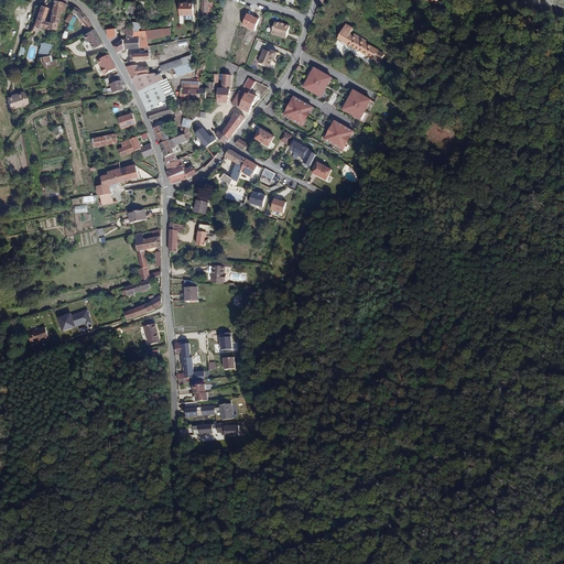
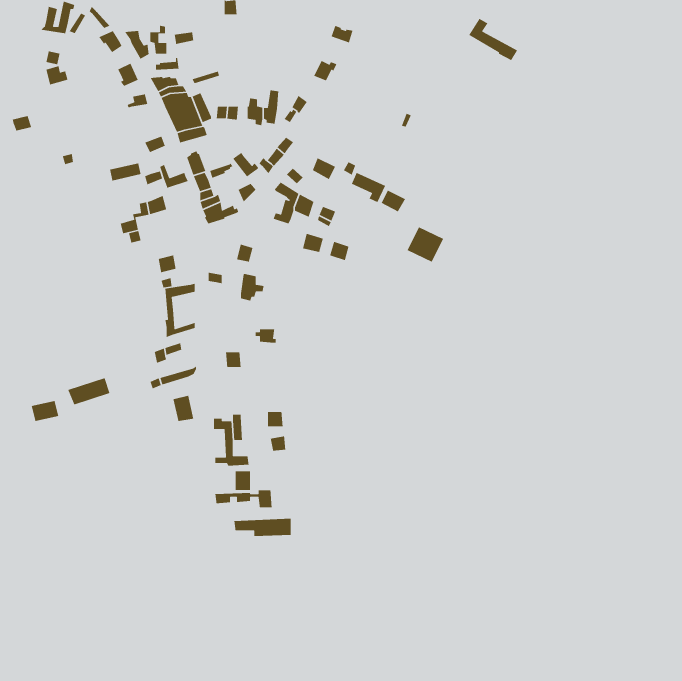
building: [339,24,380,59] -> [468,18,518,61]
building: [301,66,332,98] -> none
building: [340,89,371,120] -> none
building: [282,95,313,126] -> none
building: [323,120,354,150] -> [406,226,444,263]

